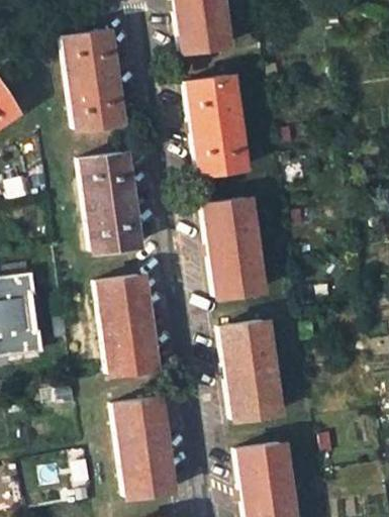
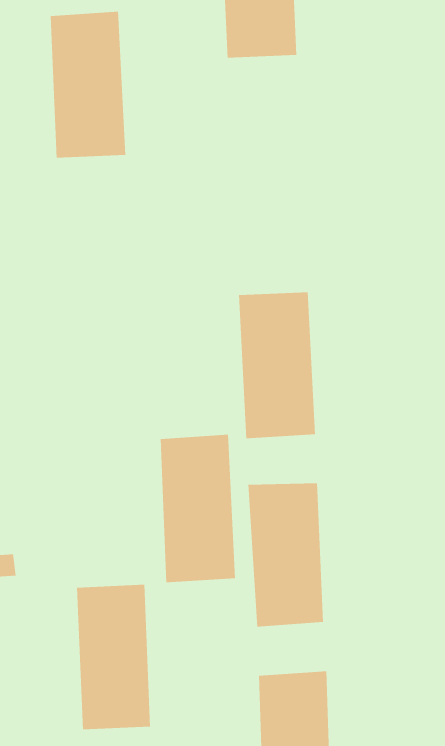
building: [188,77,245,177] -> none
building: [82,151,139,250] -> none
building: [99,275,157,375] -> [160,434,236,583]

